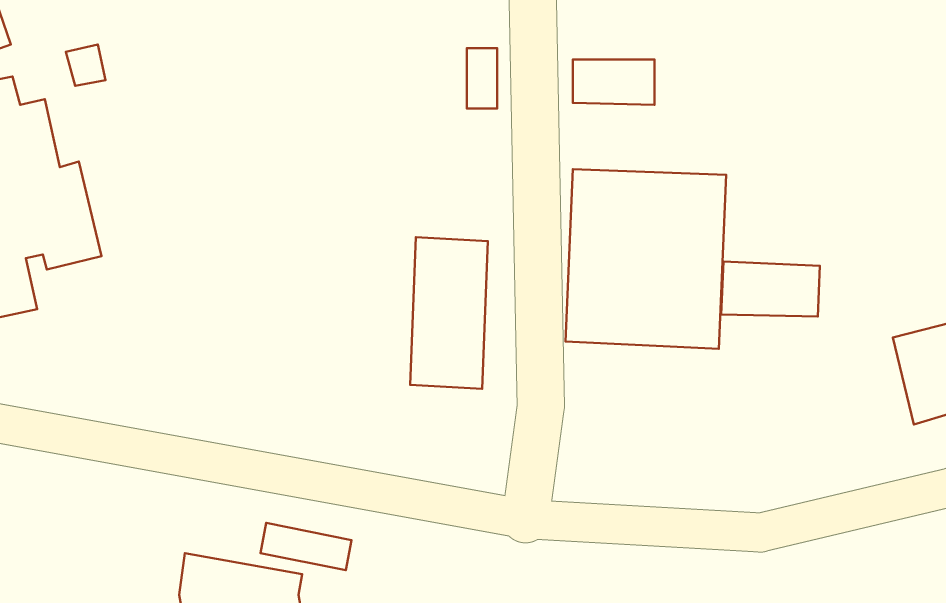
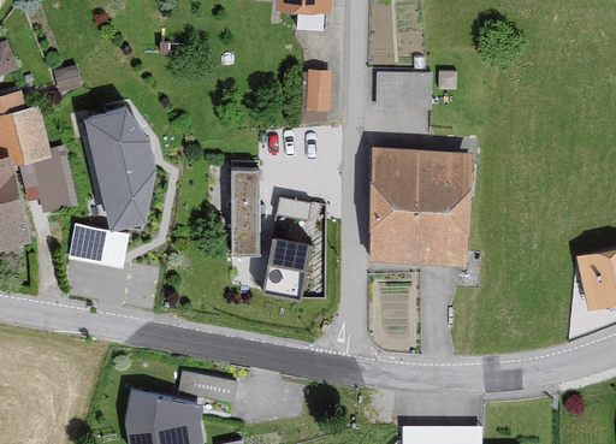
building: none -> [84,96,155,221]
building: none -> [230,170,259,257]
building: [721,262,820,317] -> none
building: none -> [66,220,129,268]

